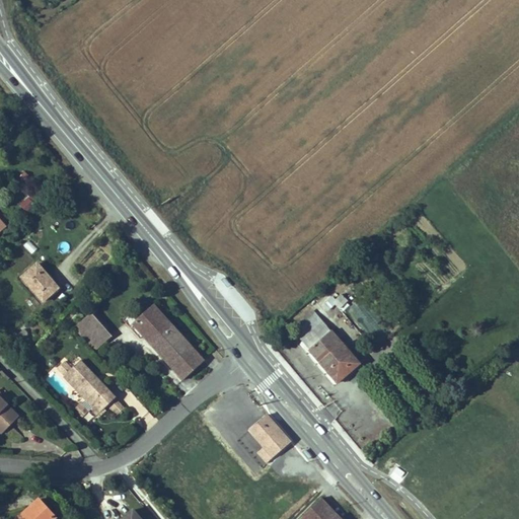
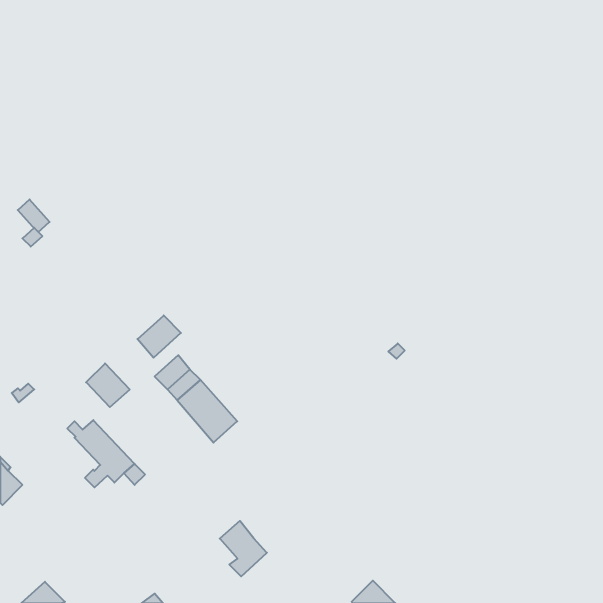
building: [22,264,59,302] -> none
building: none -> [137,315,181,358]
building: [295,314,359,380] -> none
building: [249,415,290,462] -> [220,521,267,576]

